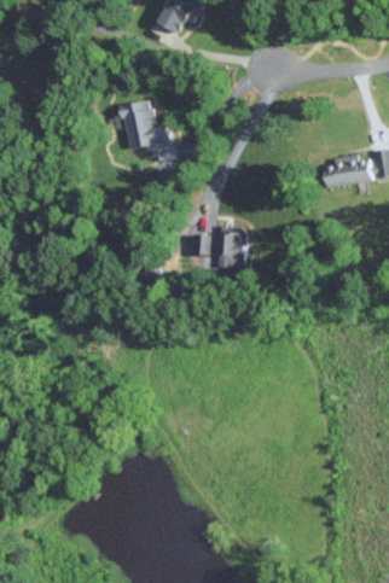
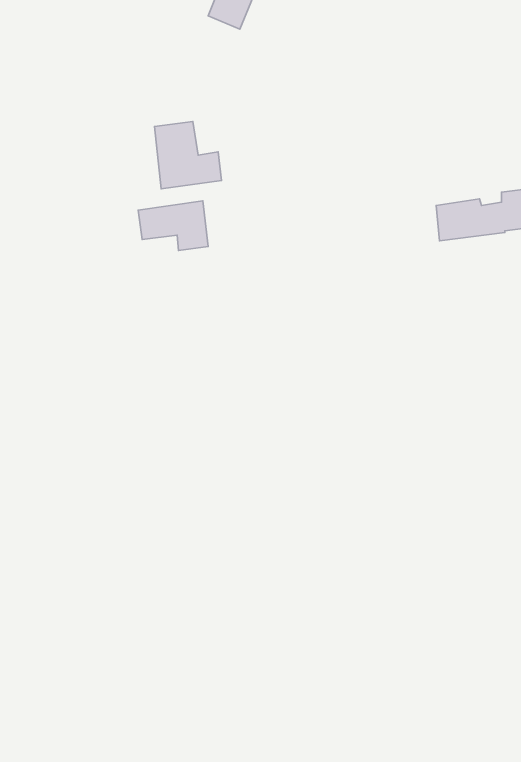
building: none -> [138,201,208,251]
building: [193,228,246,268] -> none

